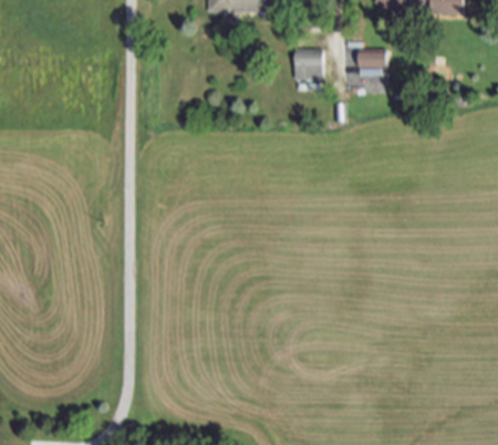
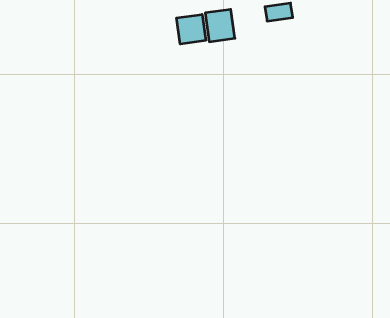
building: none -> [177,14,206,44]

